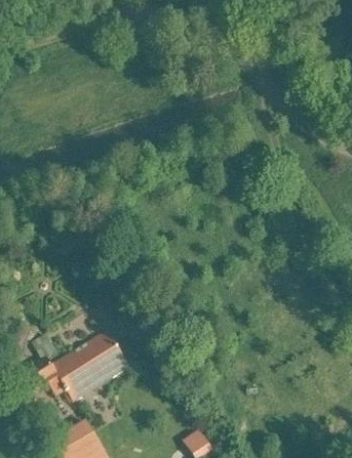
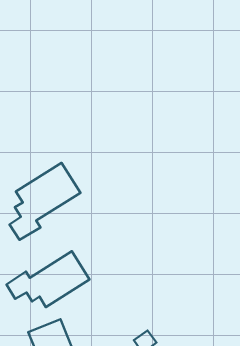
building: none -> [10,163,81,240]

